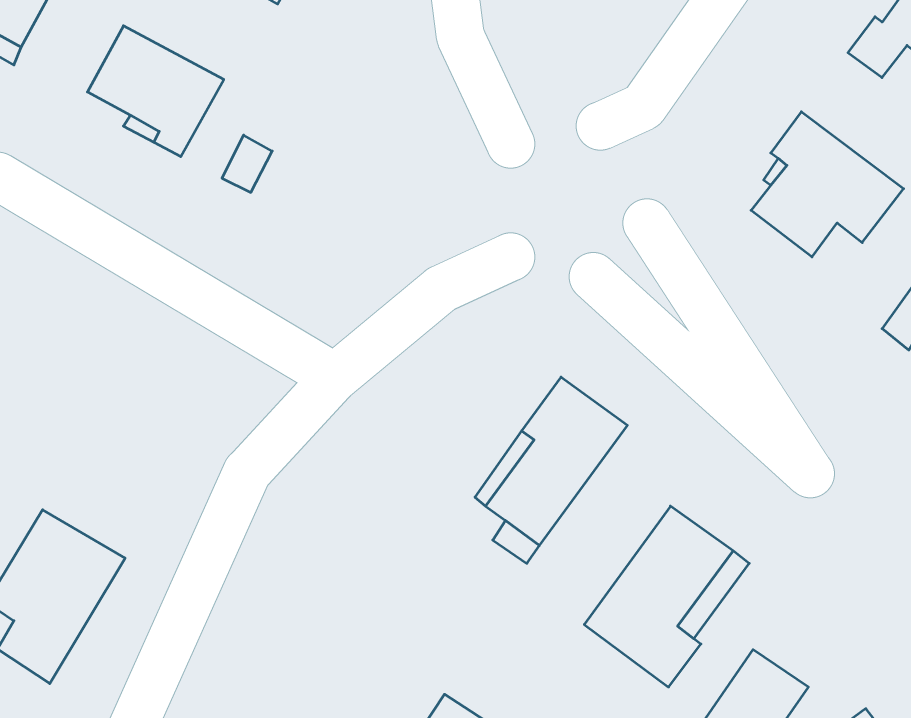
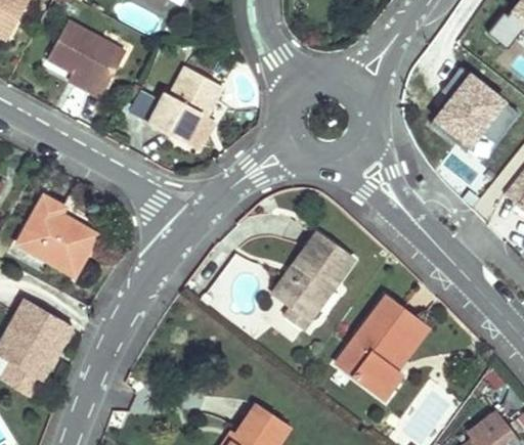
building: none -> [150,69,227,146]
building: none -> [18,195,96,272]

